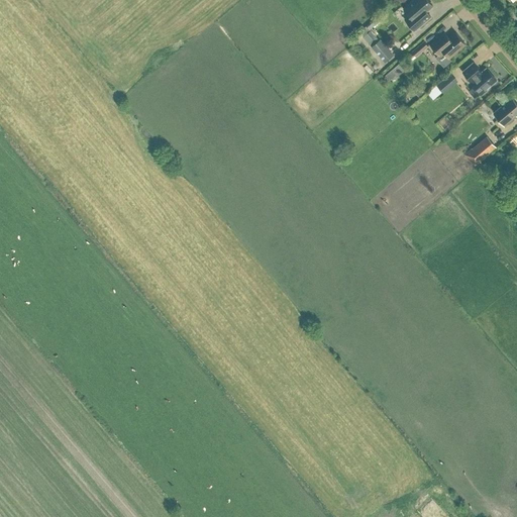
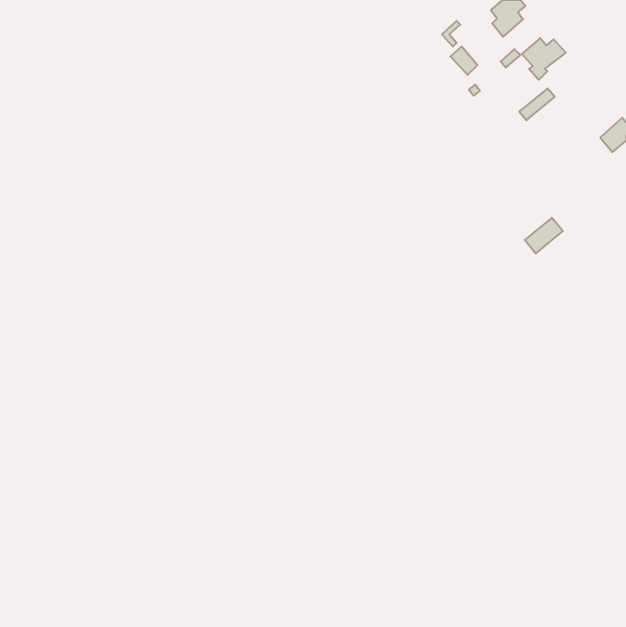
building: [463,62,498,97] -> none
building: [466,135,497,165] -> [525,218,563,253]

